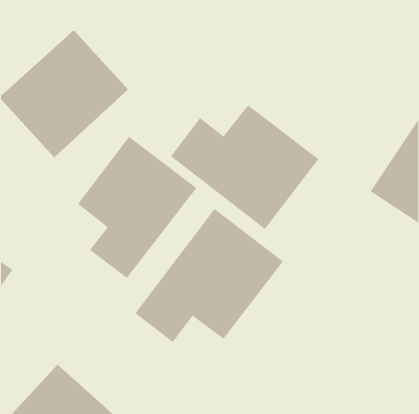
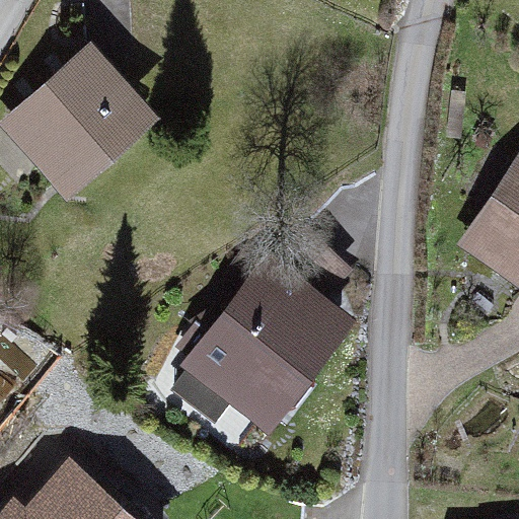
building: [170,105,319,230] -> none
building: [77,136,197,279] -> none

